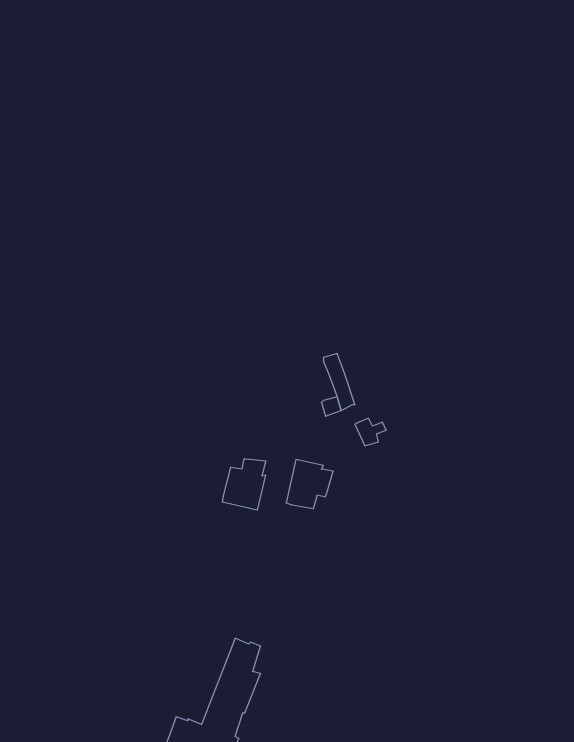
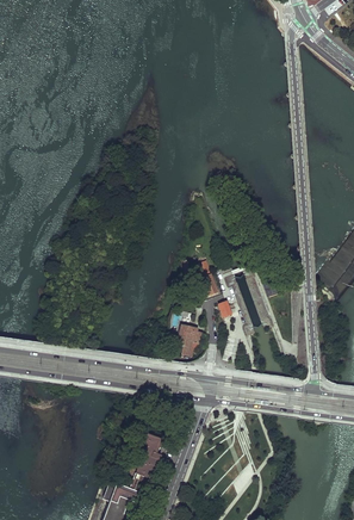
building: [223,459,266,510] -> none

